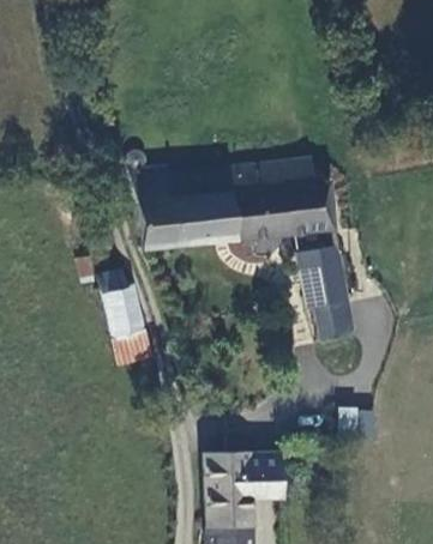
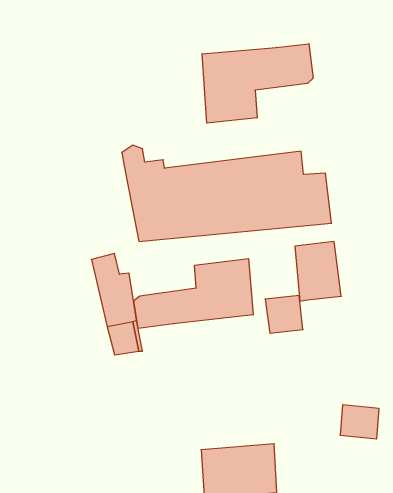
building: none -> [202,44,313,123]
building: none -> [134,259,253,329]
building: [311,304,348,341] -> [265,295,303,333]

